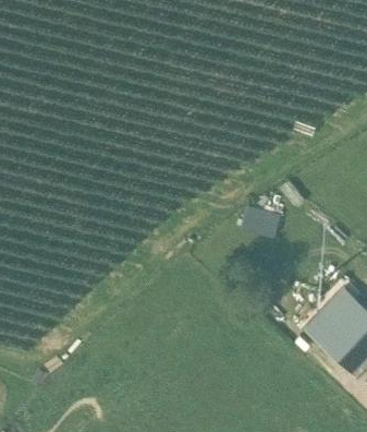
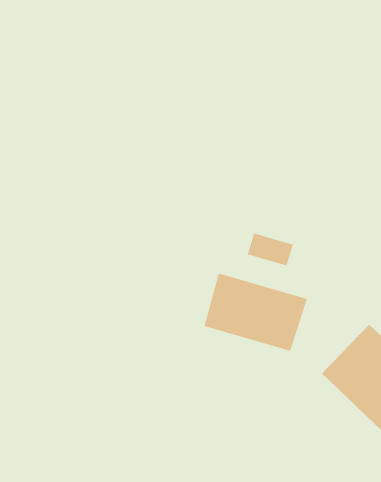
building: none -> [203,273,308,352]

